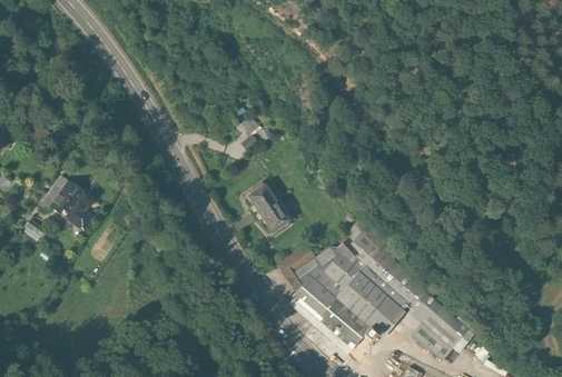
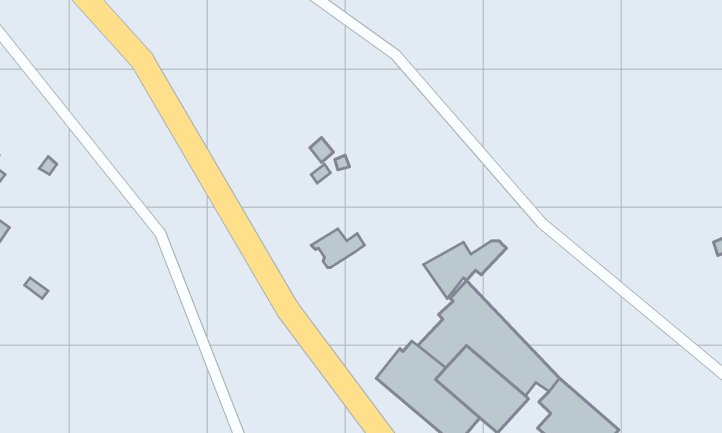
building: [41,178,92,229] -> none
building: [256,201,288,232] -> none
building: [279,246,342,289] -> [424,241,506,298]

